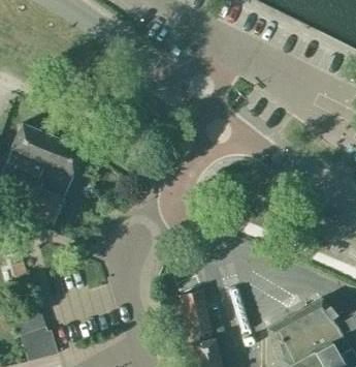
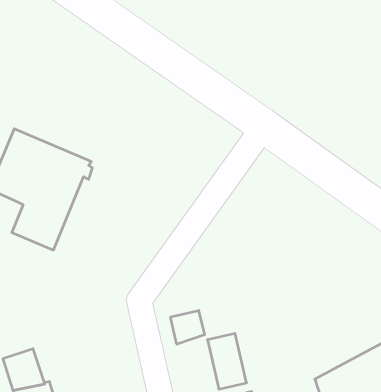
building: none -> [171,310,205,344]

